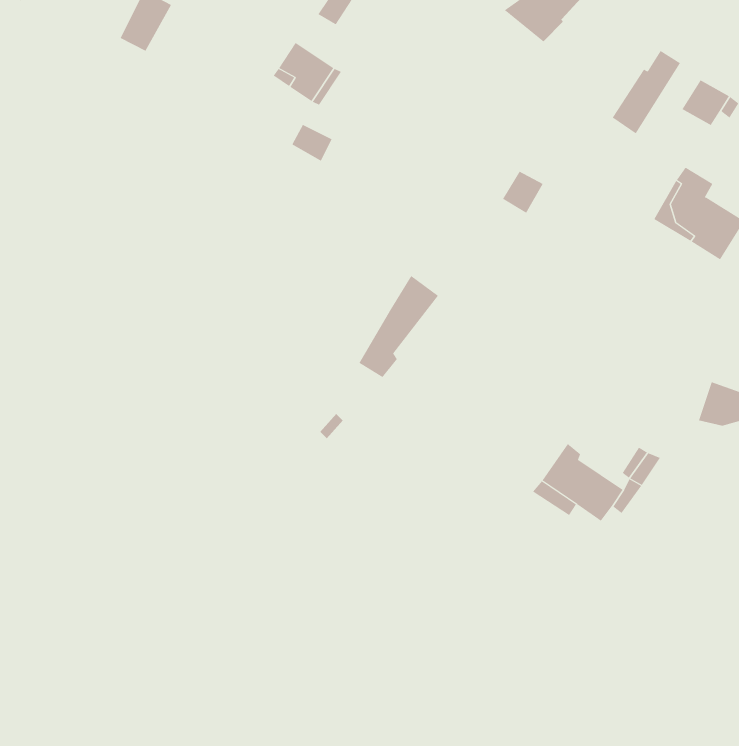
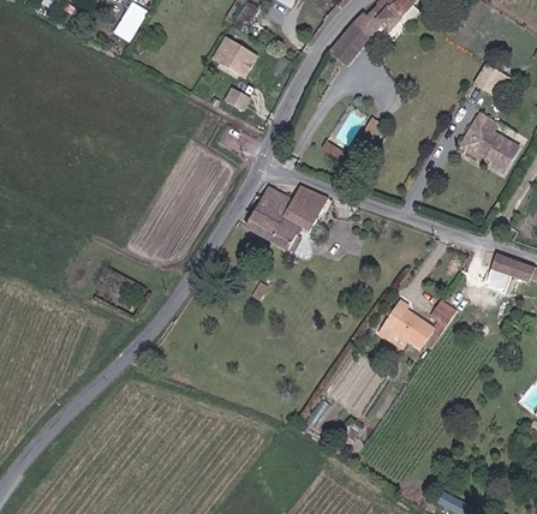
building: [612,50,681,134] -> [328,16,372,70]
building: none -> [246,179,302,240]

